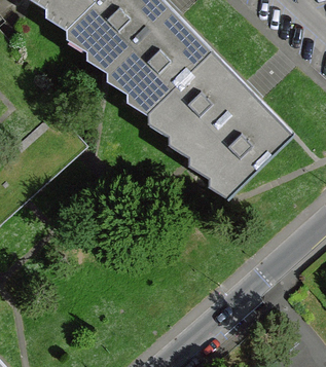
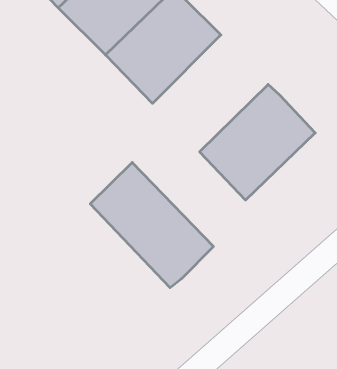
building: [149,48,250,150] -> none
building: none -> [90,162,213,288]

